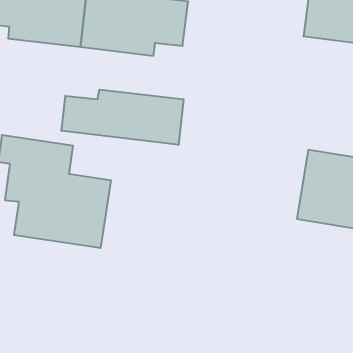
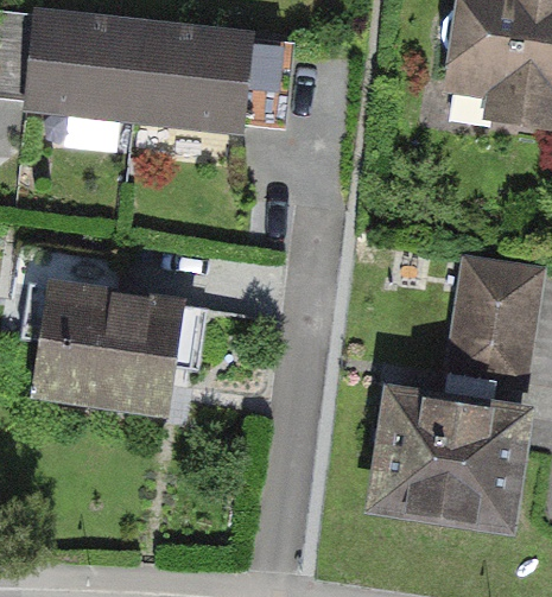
building: [61,90,184,145] -> none
building: none -> [379,398,525,526]

